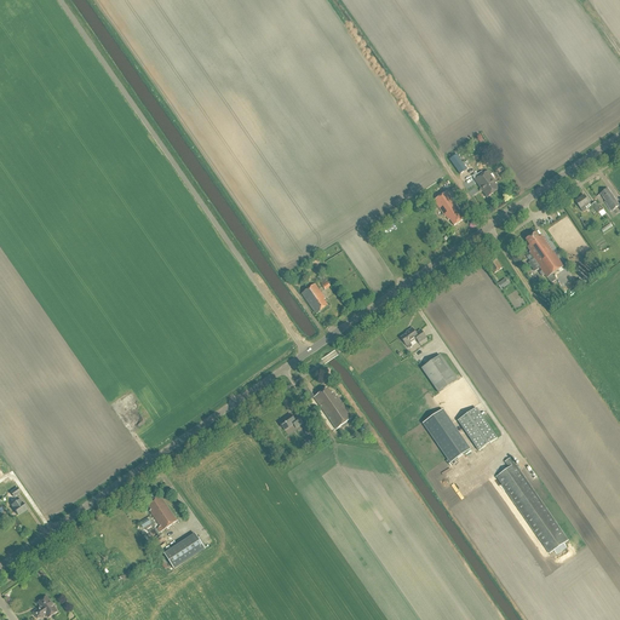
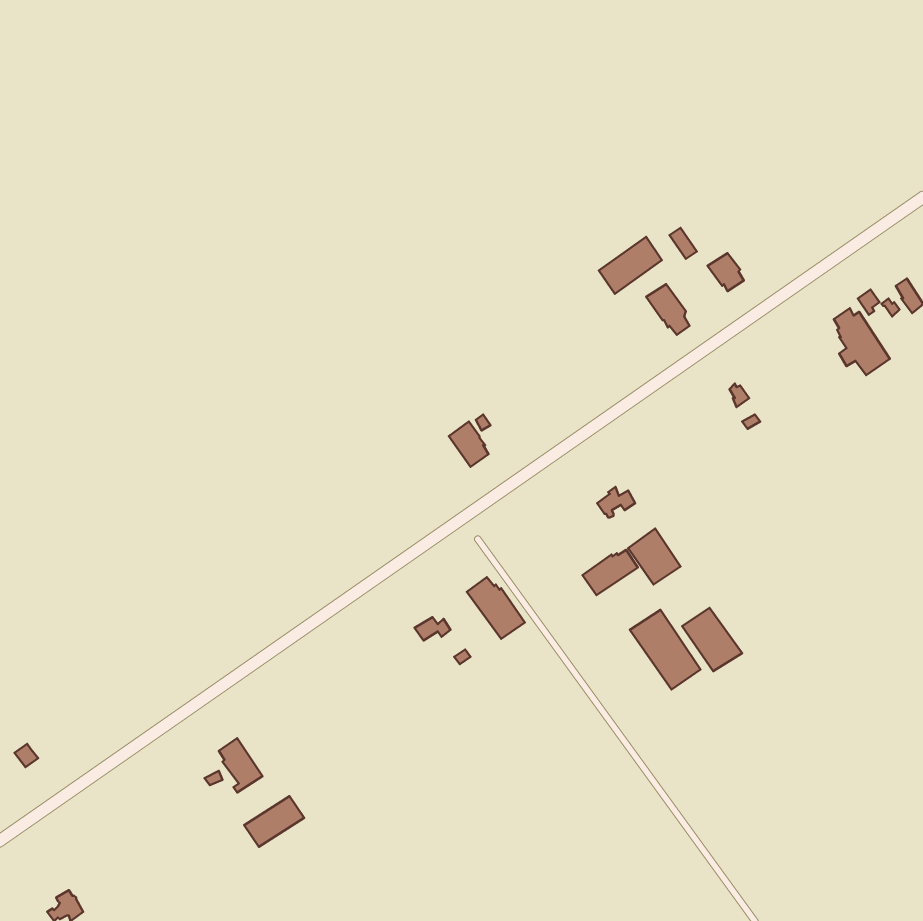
building: none -> [599,237,662,294]
building: [524,231,562,276] -> [834,308,890,375]
building: none -> [582,550,638,595]
building: [495,457,567,551] -> none

